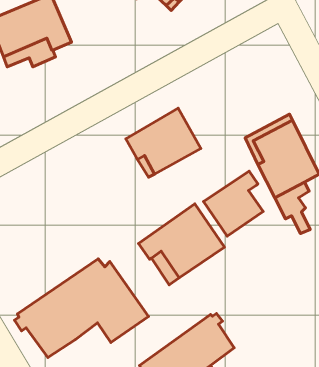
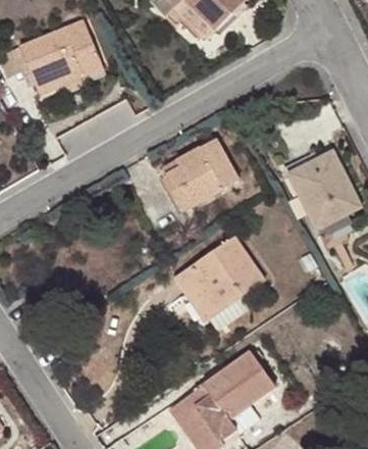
building: [204,171,263,236] -> none
building: [14,259,148,358] -> none

